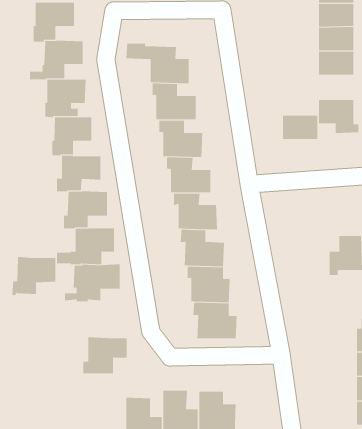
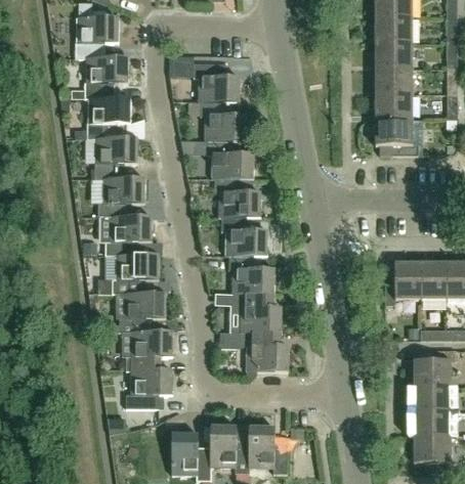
building: [282,115,318,139] -> [374,92,412,118]
building: [11,257,56,295] -> [126,328,173,369]

